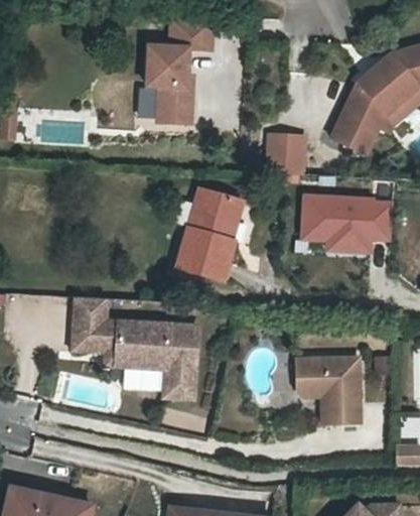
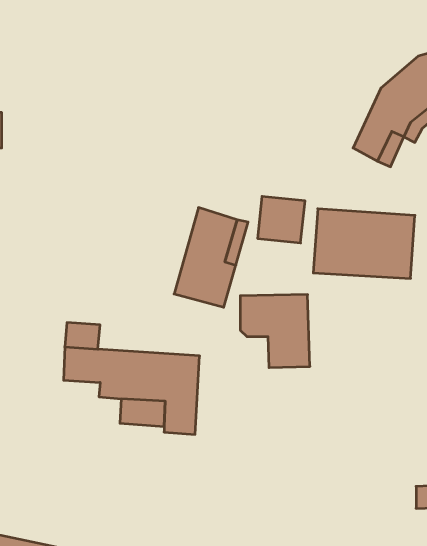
building: [150,17,215,124] -> none
building: [264,130,307,172] -> [258,196,305,243]
building: [295,357,359,423] -> [240,295,310,368]

